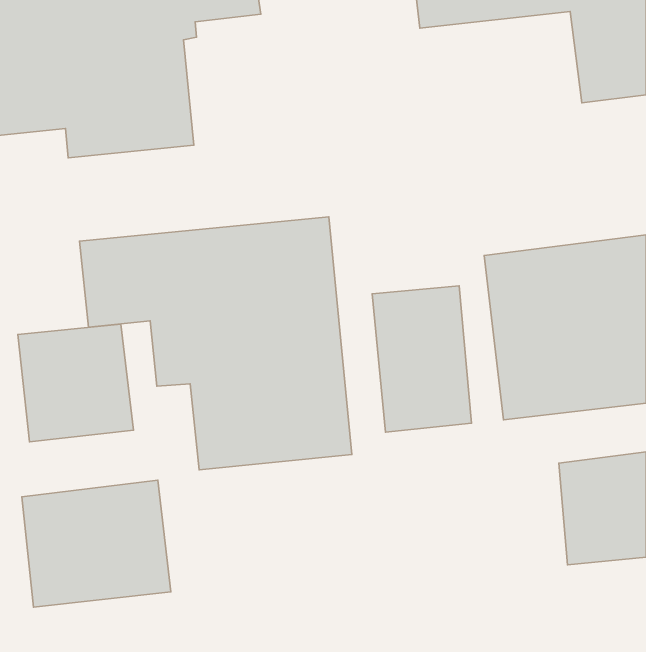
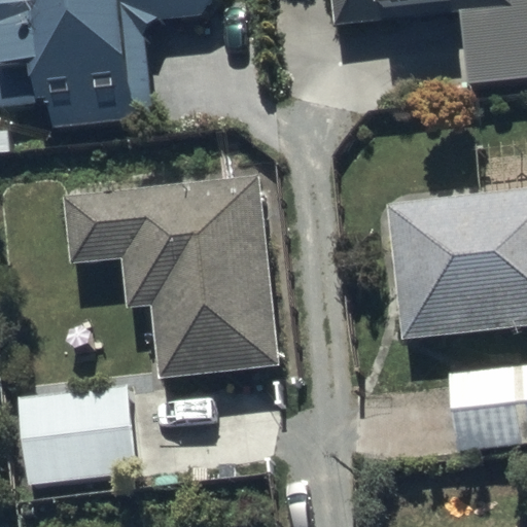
building: [372,286,471,432] -> none
building: [18,324,133,442] -> none

